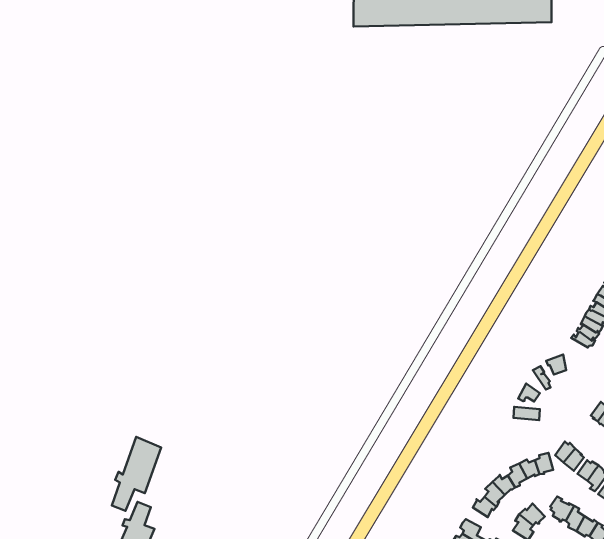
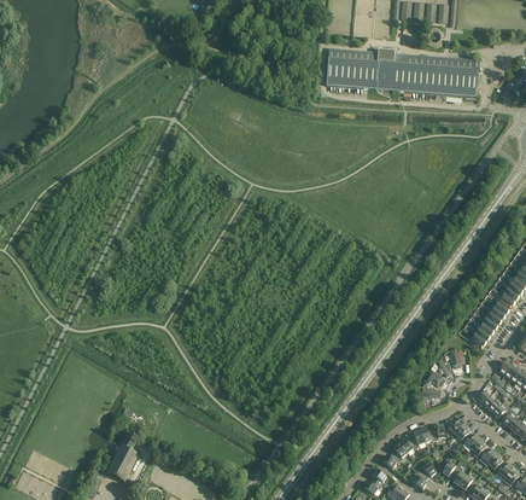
building: [112,437,161,511] -> none

